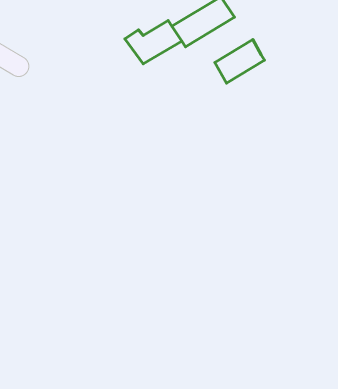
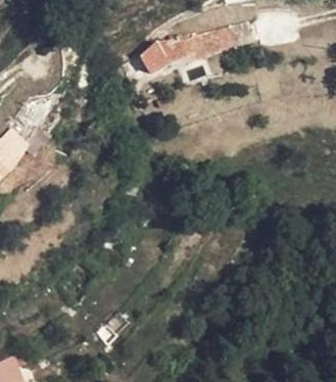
building: [215,39,264,83] -> none

